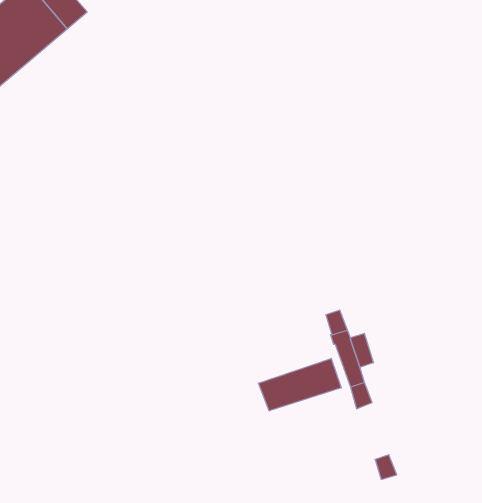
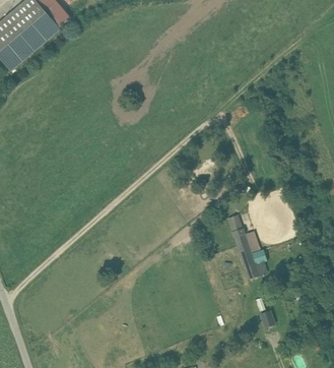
building: [258,358,341,411] -> none

